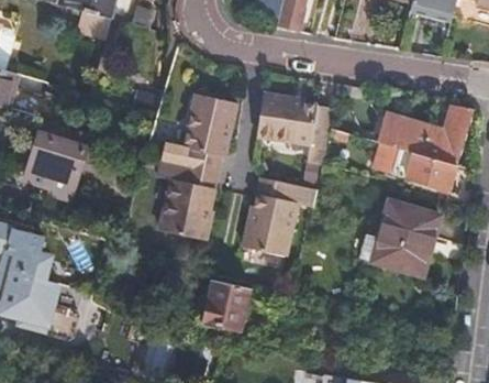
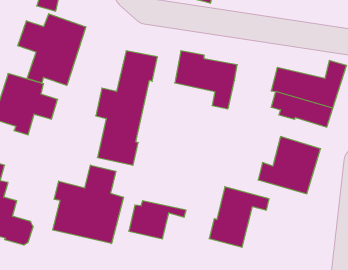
building: none -> [18,14,86,85]
building: [241,176,316,253] -> [209,187,269,247]
building: none -> [53,165,123,244]

